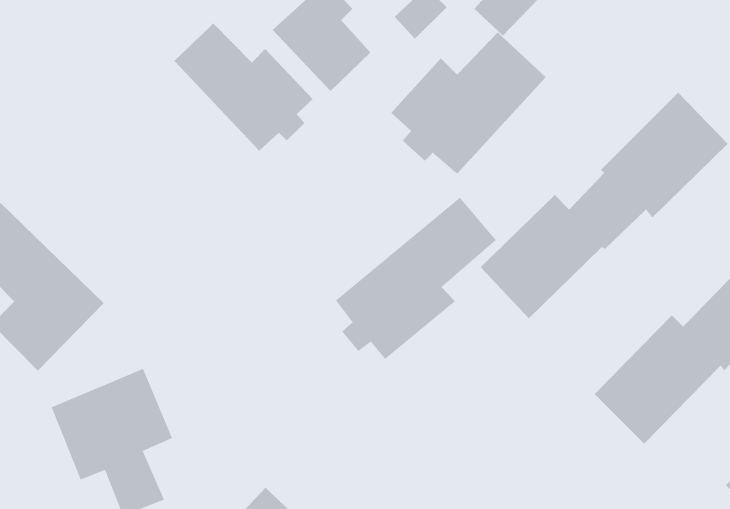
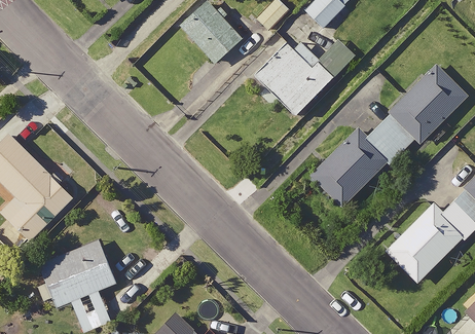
building: [173,23,313,151] -> none
building: [335,197,497,360] -> none

